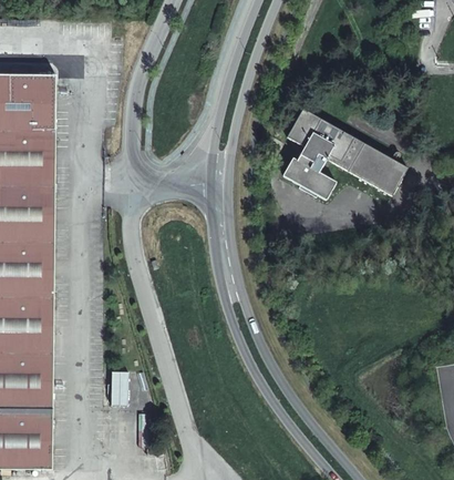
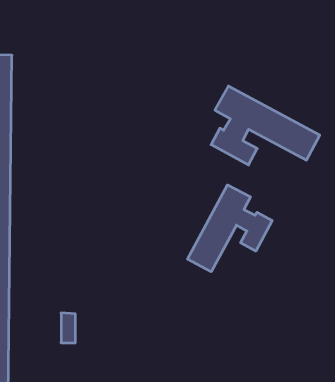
building: none -> [188,185,272,272]

